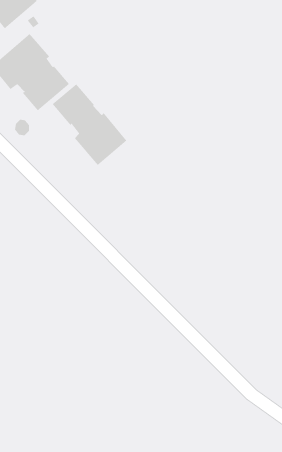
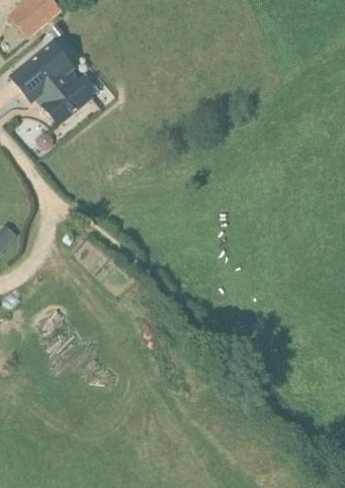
building: [52,83,127,166] -> none

